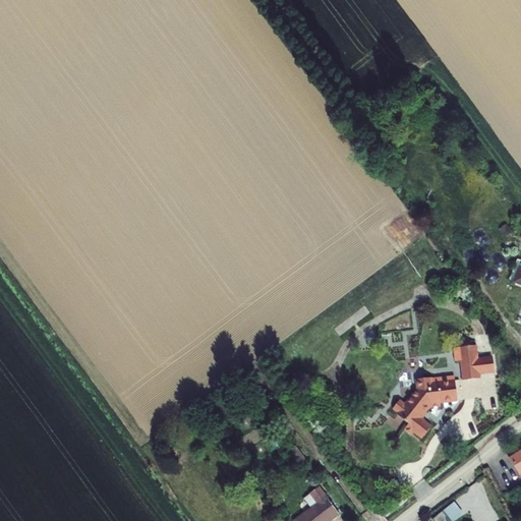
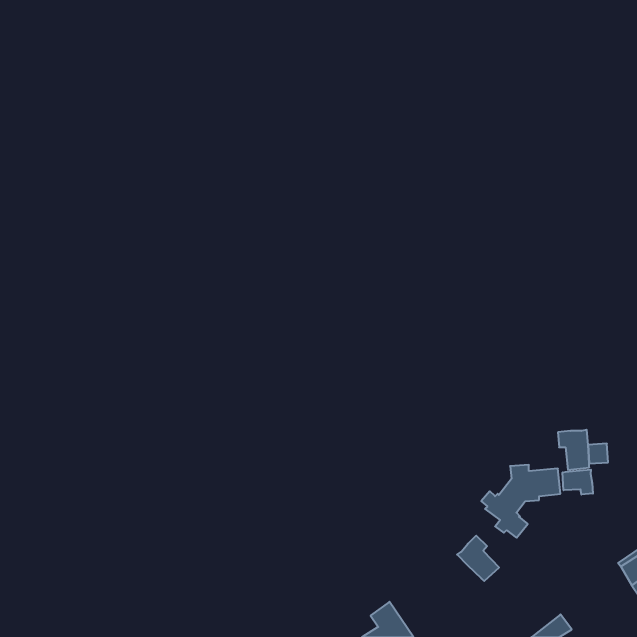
building: none -> [563,470,593,495]
building: none -> [457,536,499,581]

